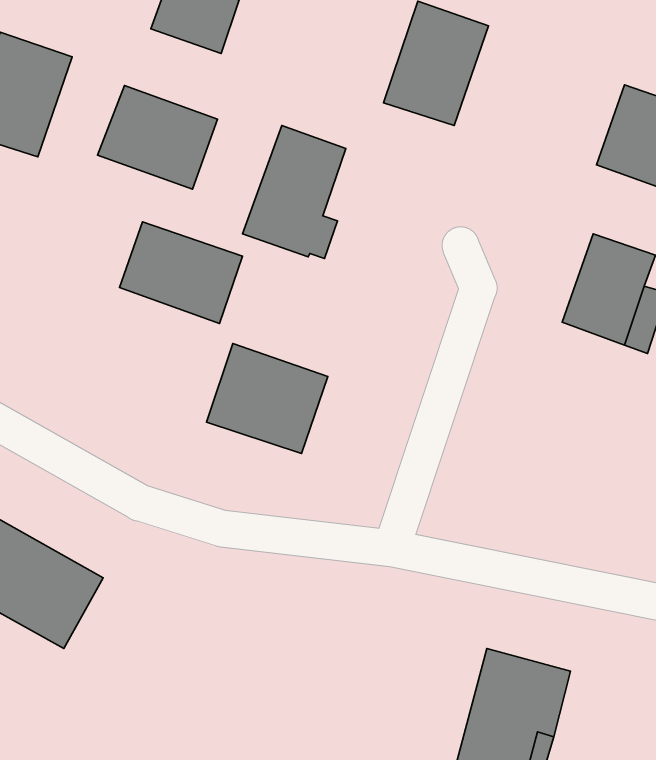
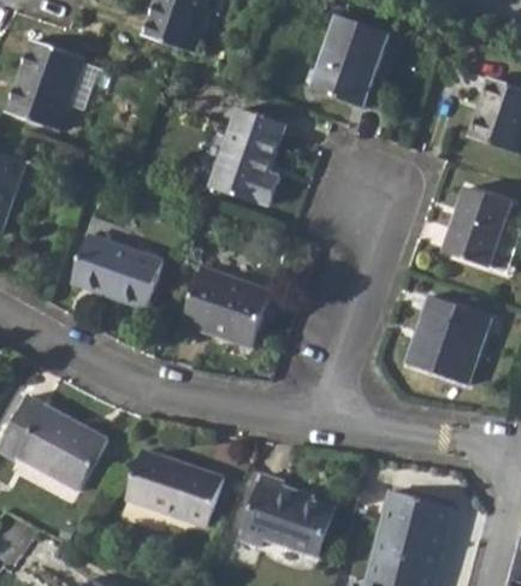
building: [98,85,218,189] -> none
building: [119,222,242,323] -> [72,235,162,309]
building: none -> [404,295,491,384]
building: none -> [125,450,223,526]
building: none -> [241,474,331,555]

